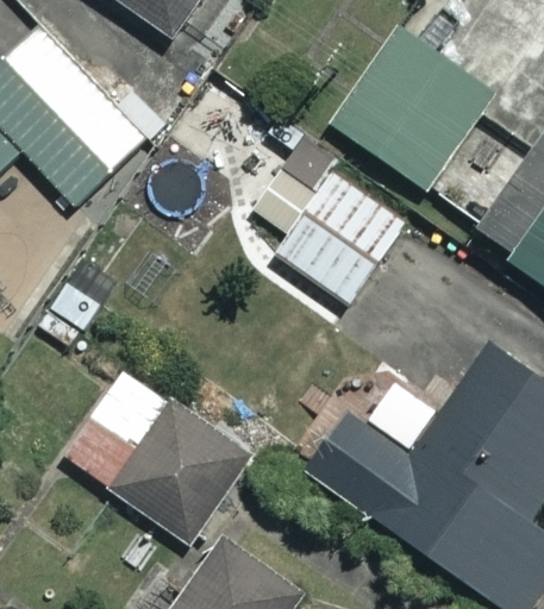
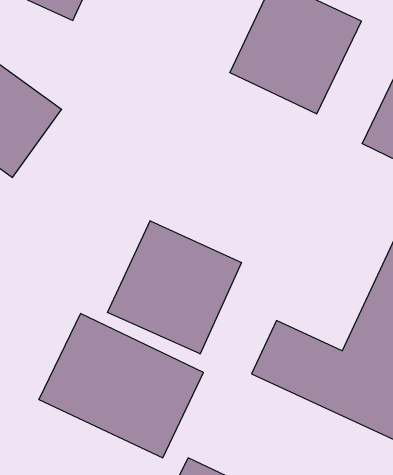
building: [273,169,404,303] -> none
building: none -> [108,221,242,354]

